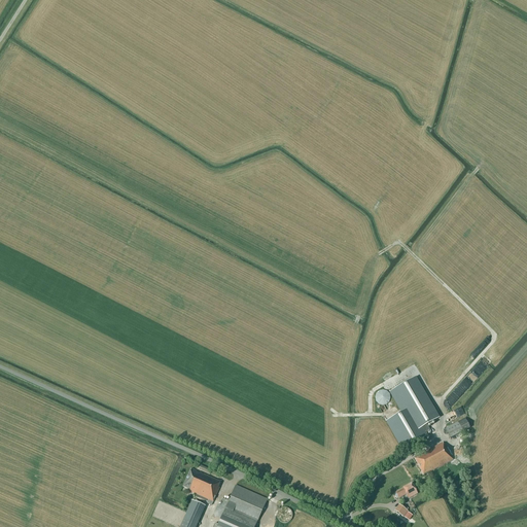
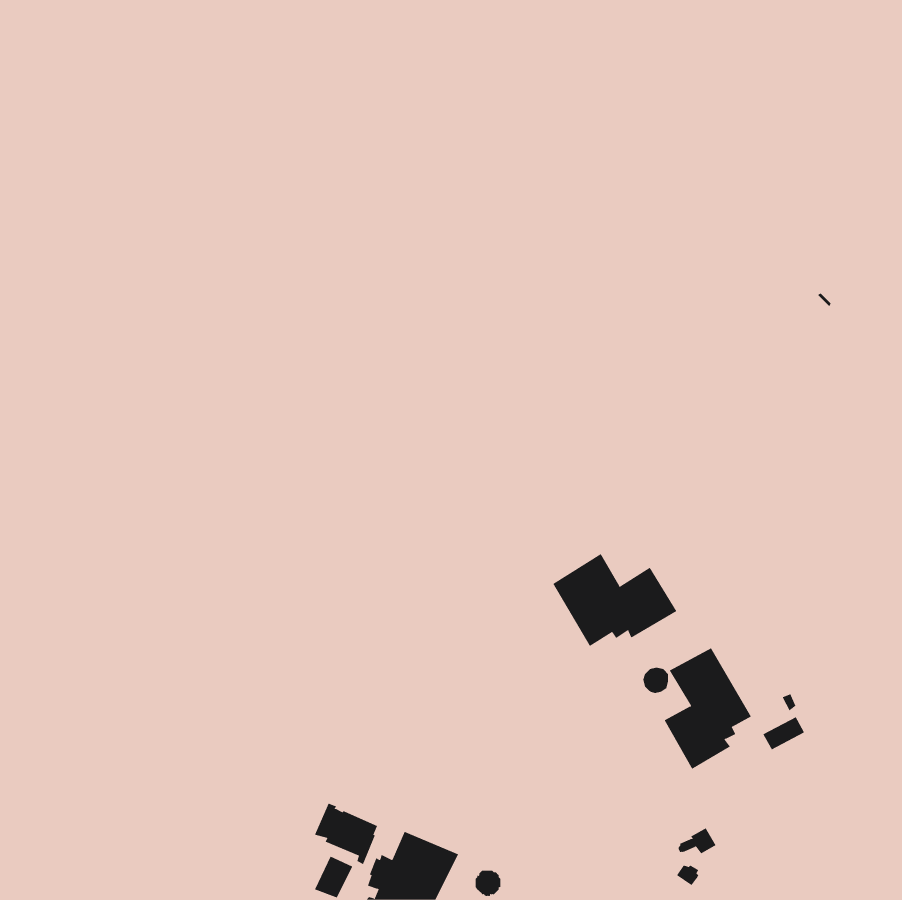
building: none -> [553,553,677,647]
building: [414,442,453,475] -> none

